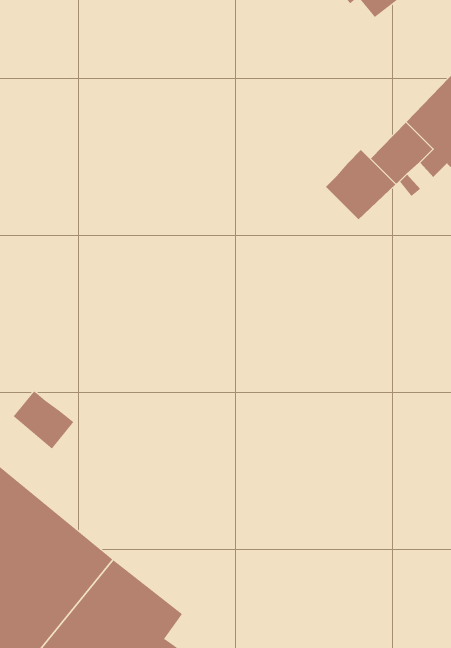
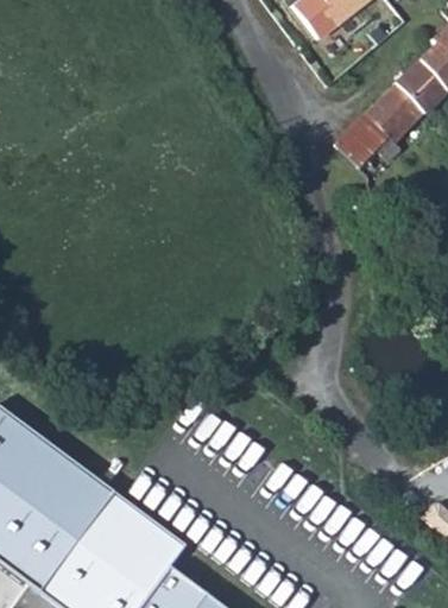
building: [325,149,396,220] -> none
building: [13,390,74,449] -> none

